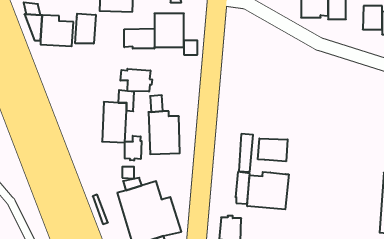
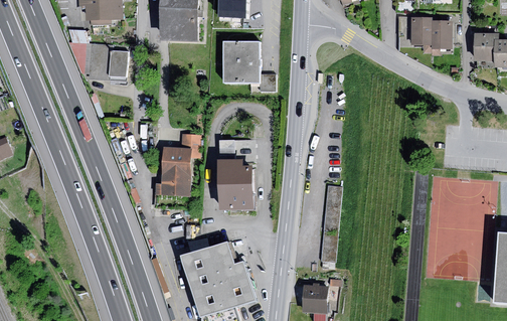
building: [75,14,96,44] -> none
building: [124,29,154,49] -> none
building: [120,69,152,92] -> none
building: [125,136,142,161] -> none
building: [258,138,288,161] -> none
building: [247,172,289,209] -> none

